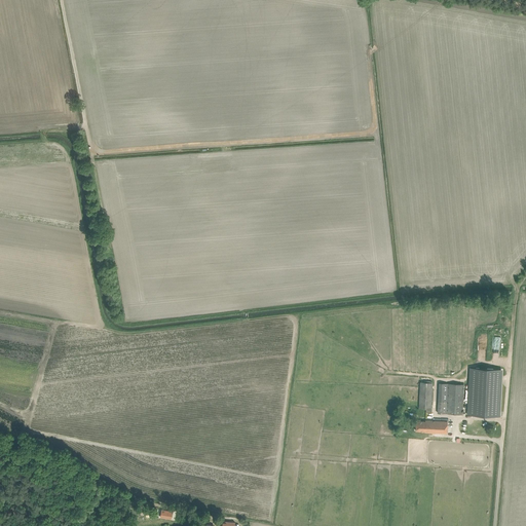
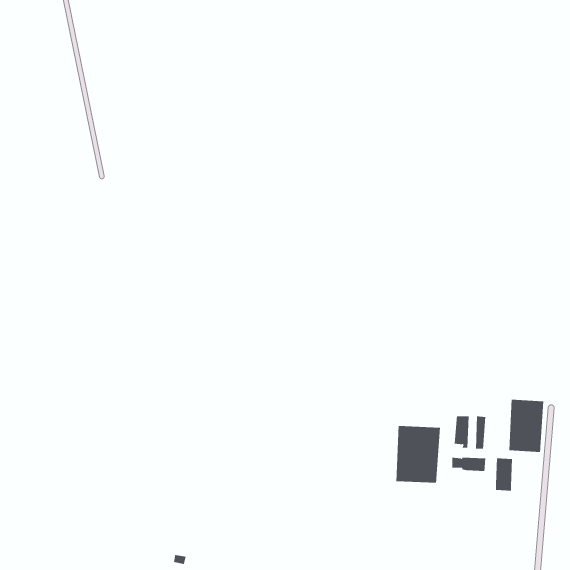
building: [446,384,462,415] -> [495,458,513,491]
building: none -> [396,425,441,483]

